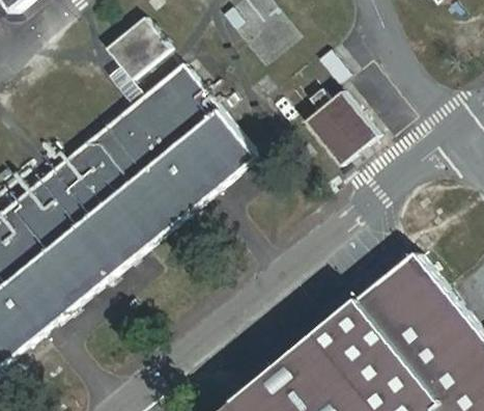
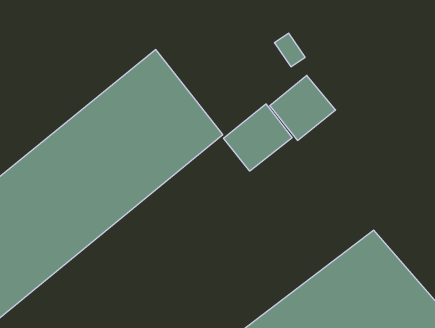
building: [104,20,165,79] -> none
building: none -> [224,104,292,171]

